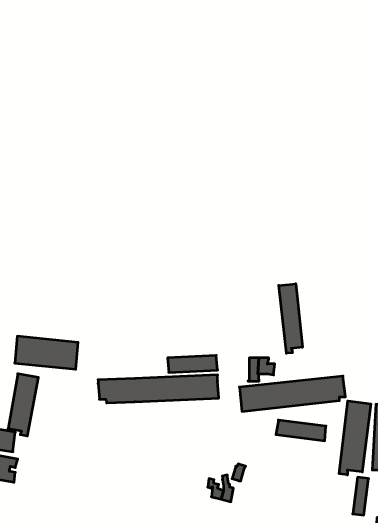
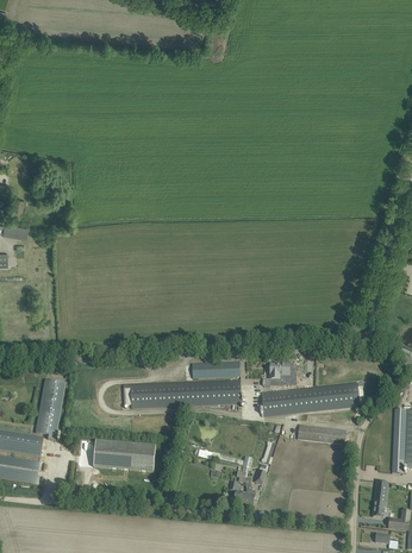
building: [279,284,302,353] -> none
building: [15,336,78,369] -> [94,440,156,472]
building: [339,401,371,475] -> none

